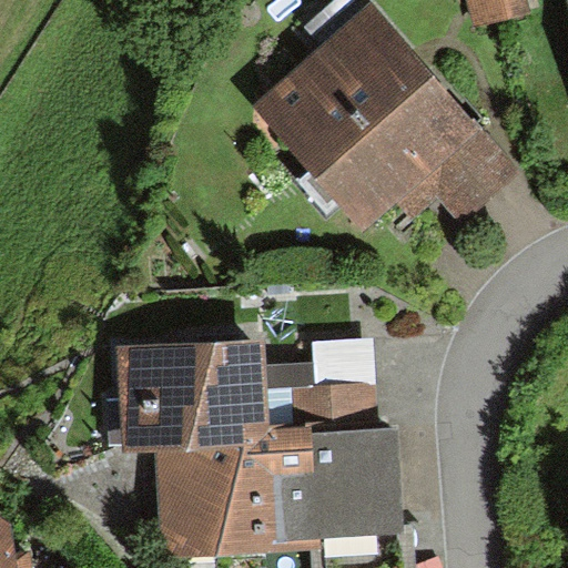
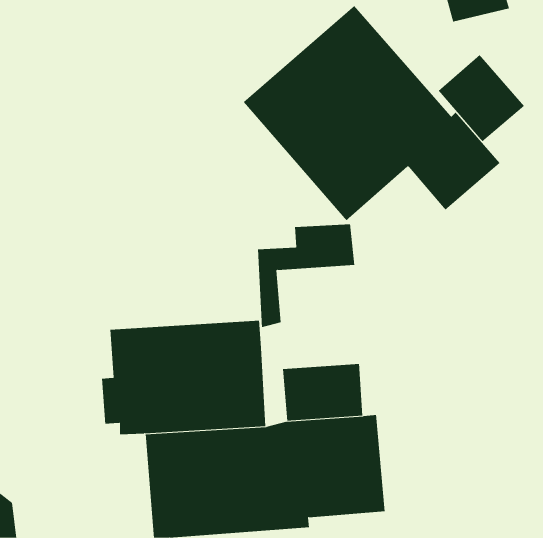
building: none -> [438,54,525,142]
building: [273,336,375,445] -> [257,224,355,328]

